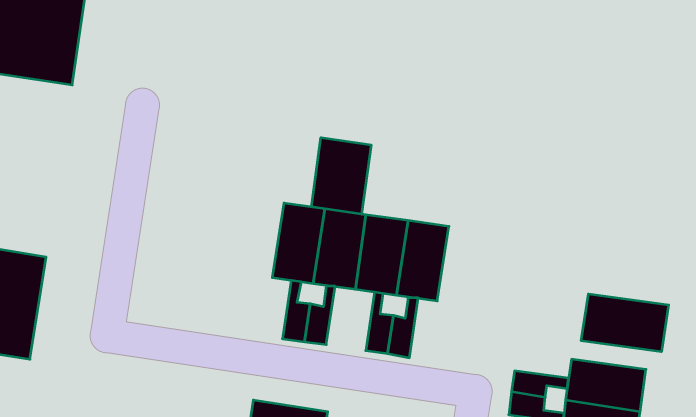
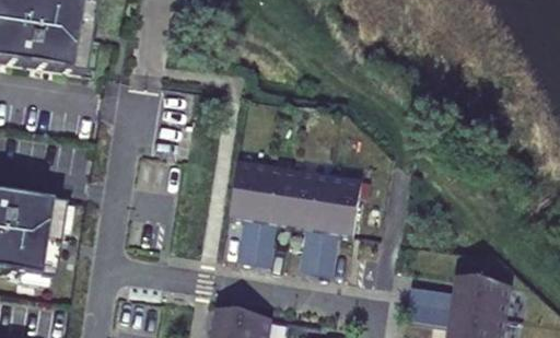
building: [311,138,371,214] -> none
building: [581,294,669,352] -> none

